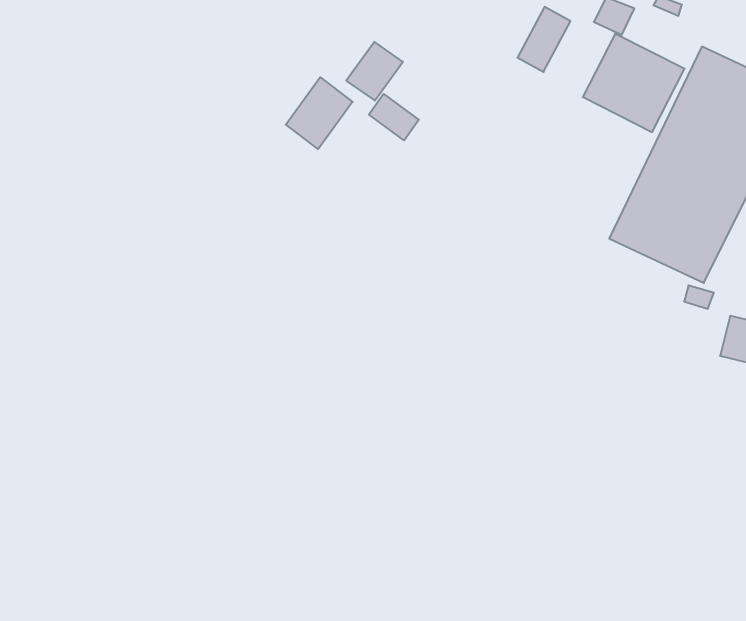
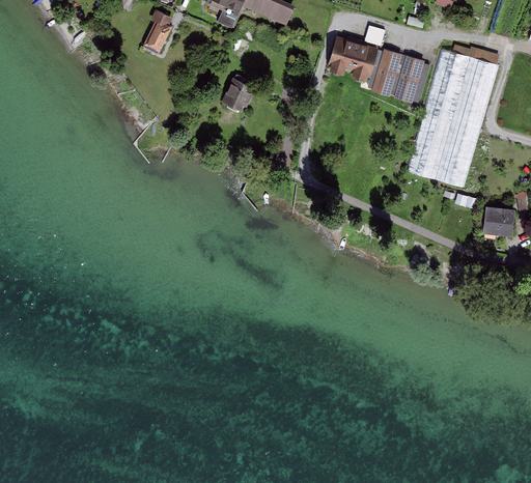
building: none -> [344,42,373,82]
building: [286,77,353,149] -> none
building: [369,94,419,140] -> none

